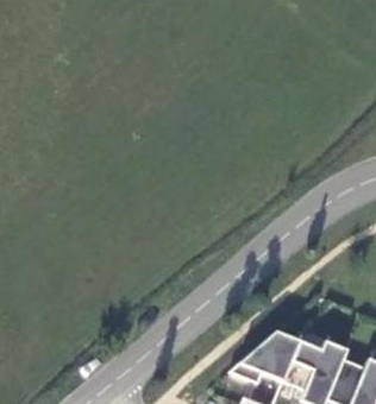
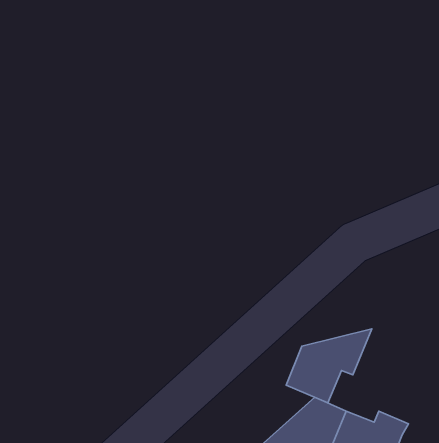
building: none -> [286,329,372,403]

